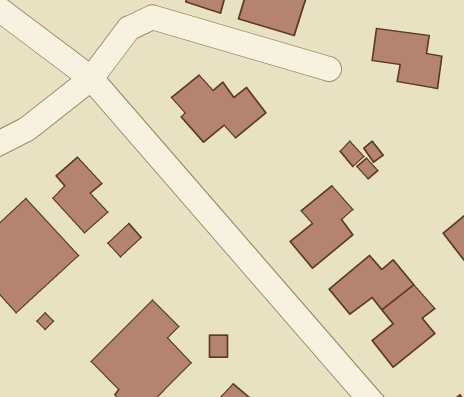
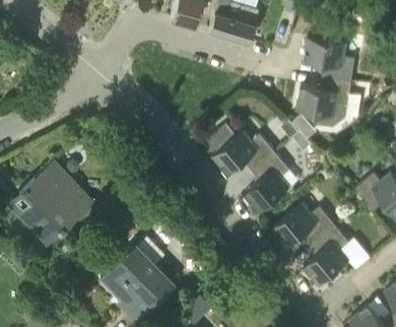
building: [171,75,266,142] -> [206,126,275,175]
building: none -> [298,77,352,128]
building: [53,157,108,233] -> none

